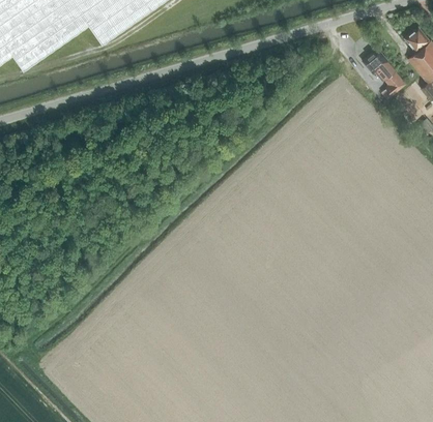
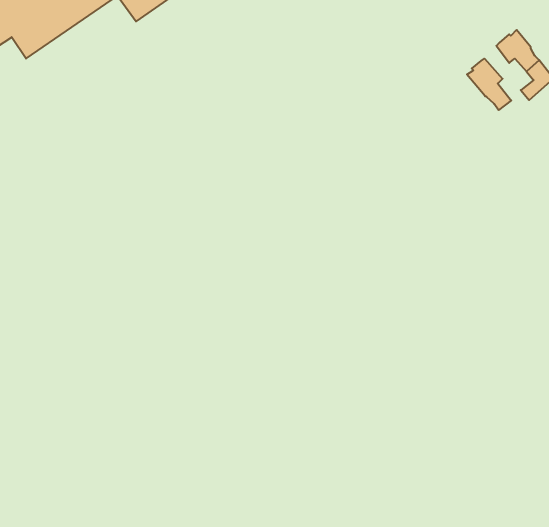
building: none -> [467,59,511,110]

